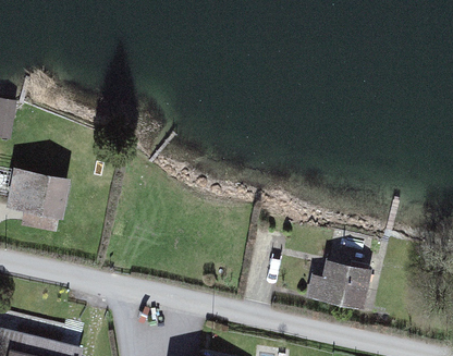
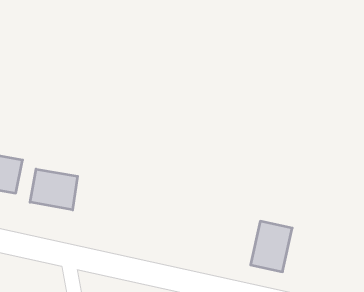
building: none -> [30,169,78,210]

